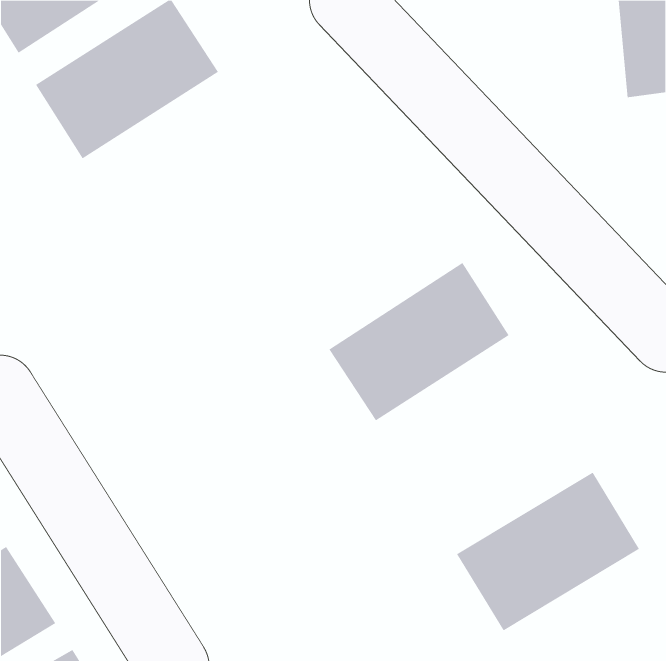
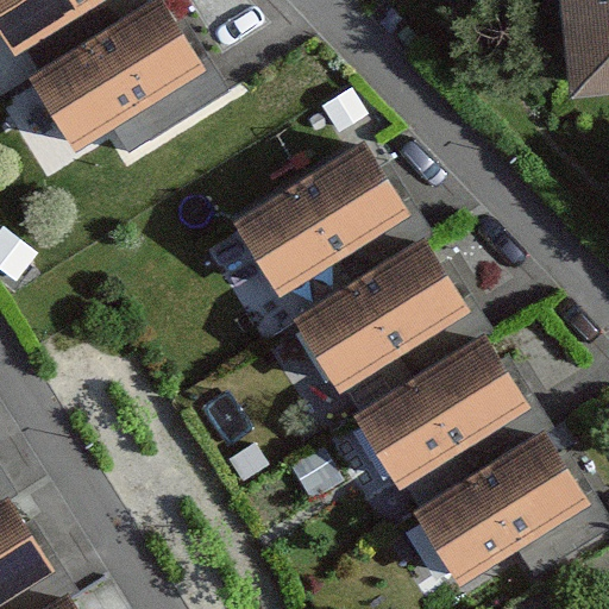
building: none -> [239,145,406,291]
building: none -> [359,340,526,485]

